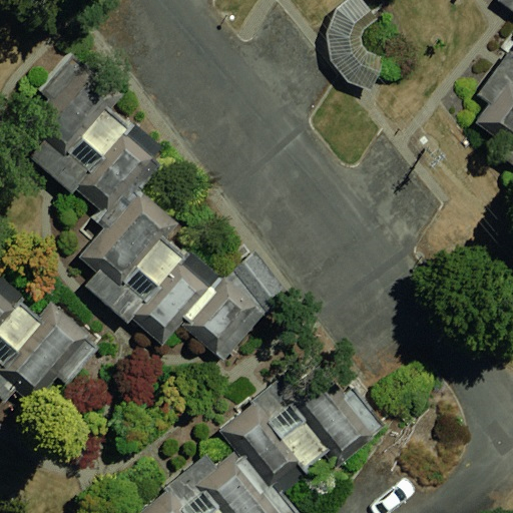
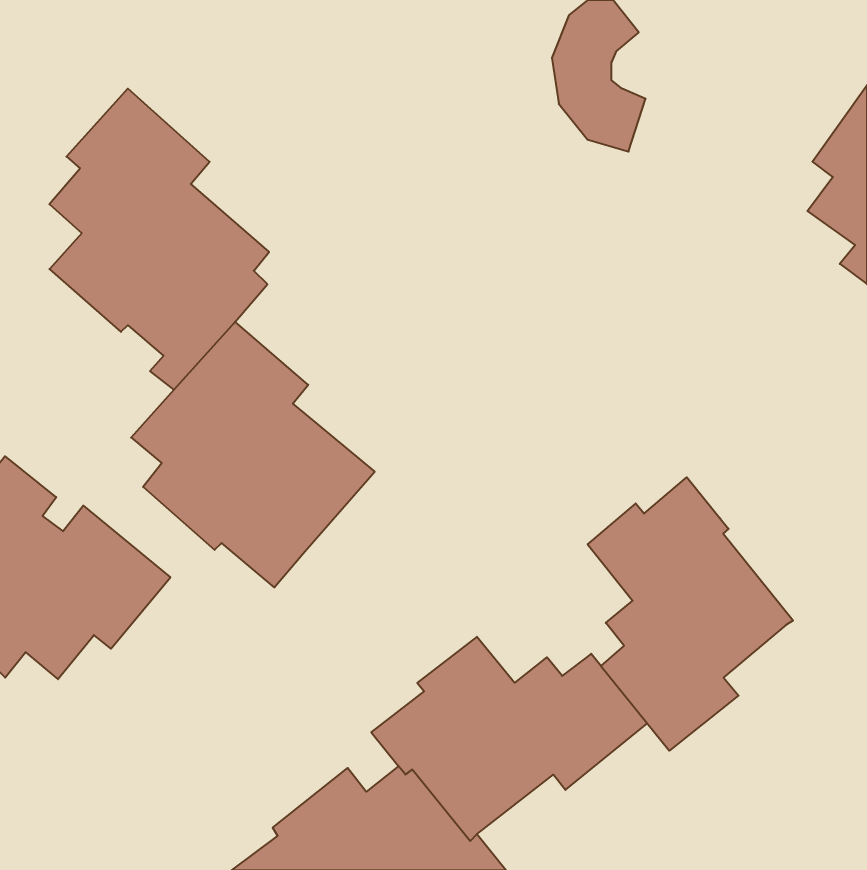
building: [179,250,288,362] -> none
building: none -> [588,477,793,751]

